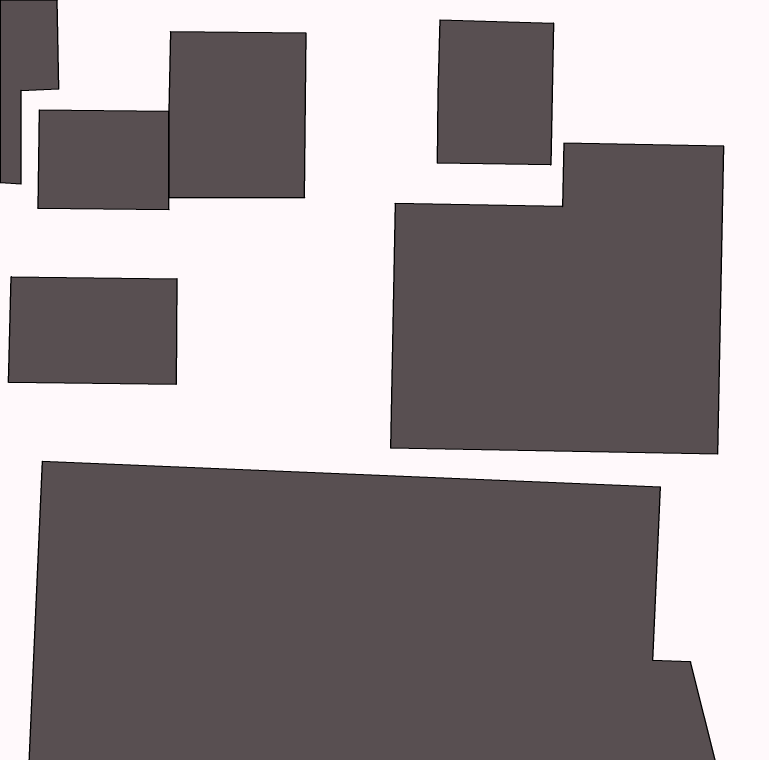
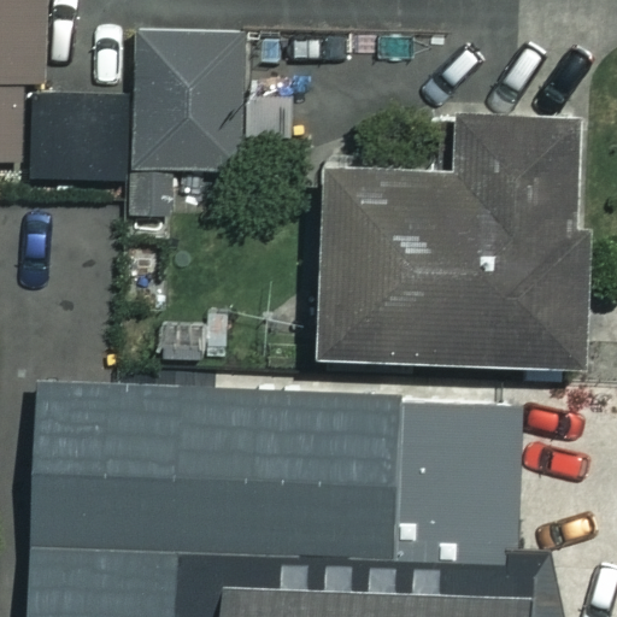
building: [437,20,553,165] -> none
building: [9,277,177,384] -> none

